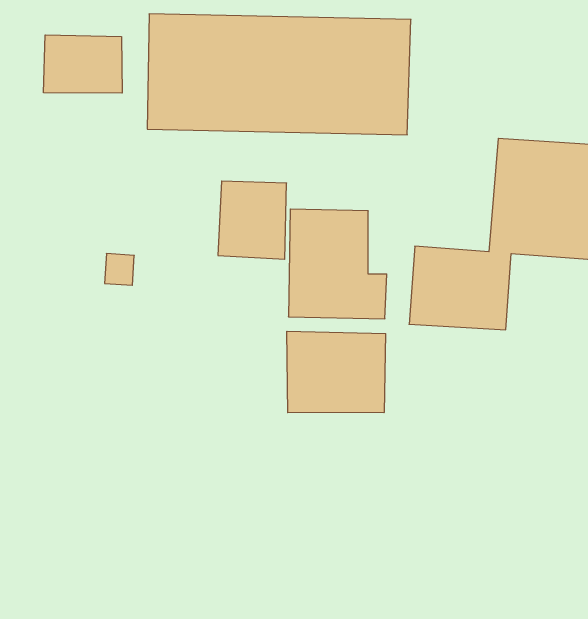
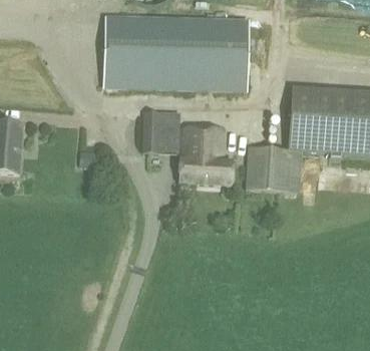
building: [44,35,122,93] -> none
building: [287,331,386,413] -> none

